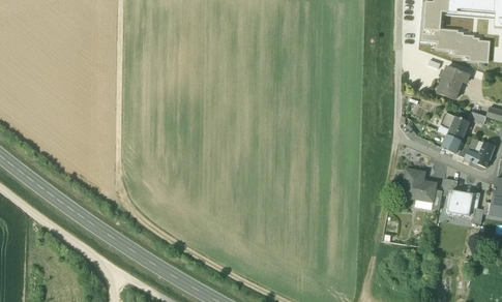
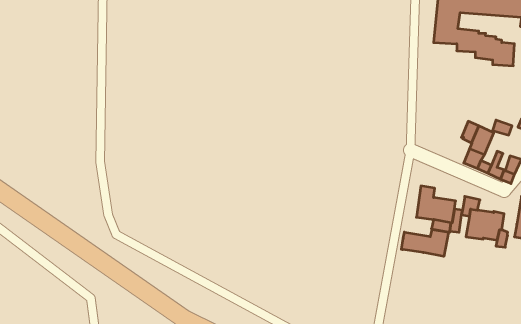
building: [438,65,469,99] -> none
building: none -> [401,229,448,256]

